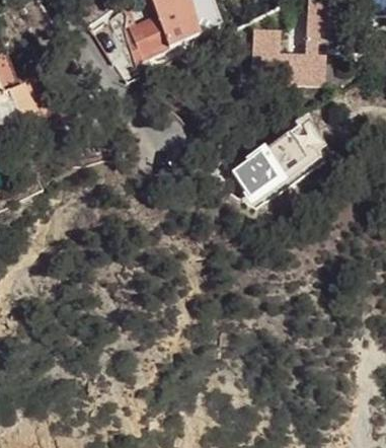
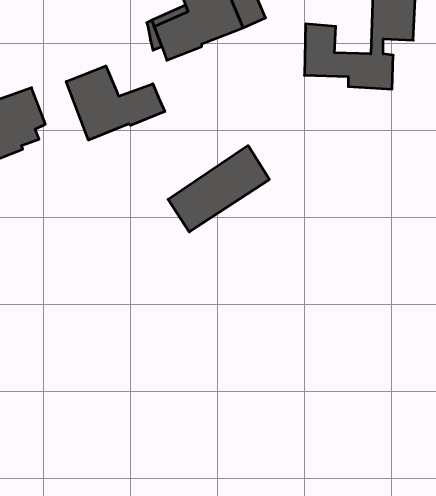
building: none -> [66,66,165,140]
building: [235,126,317,196] -> [168,146,269,232]

